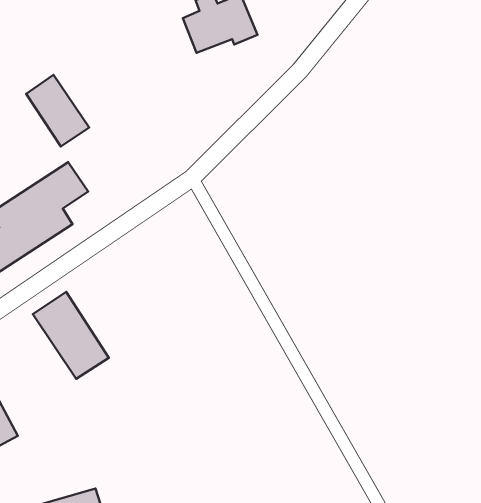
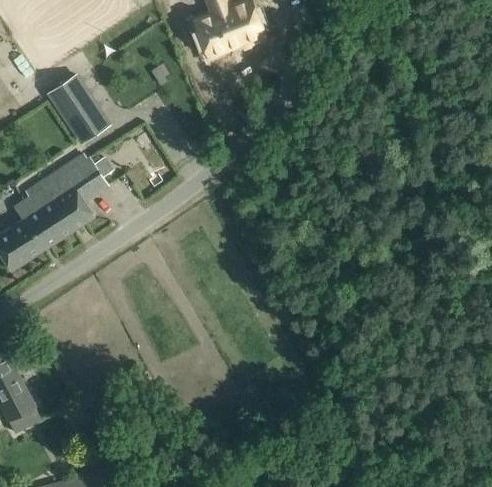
building: [33,292,109,379] -> none

